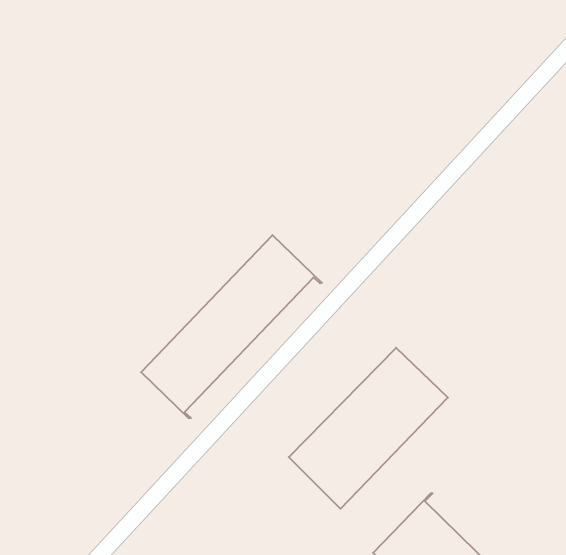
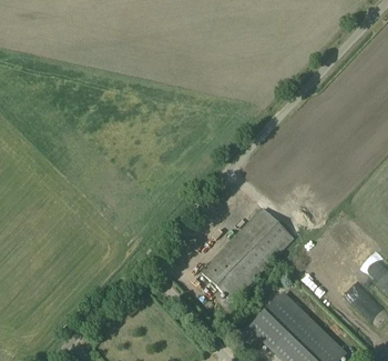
building: [141,235,322,418] -> none

